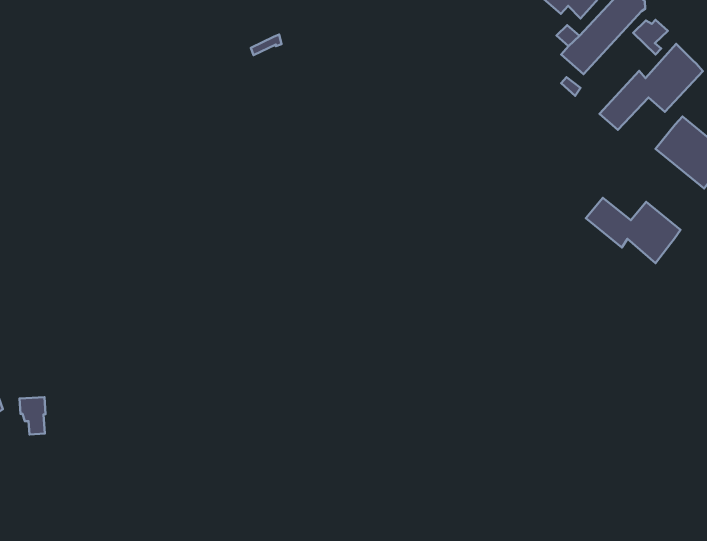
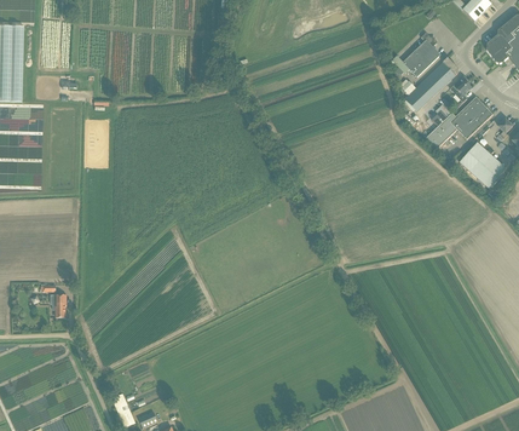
building: [586,198,680,263] -> none

